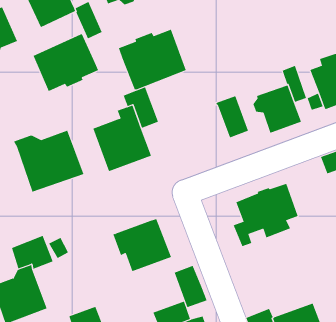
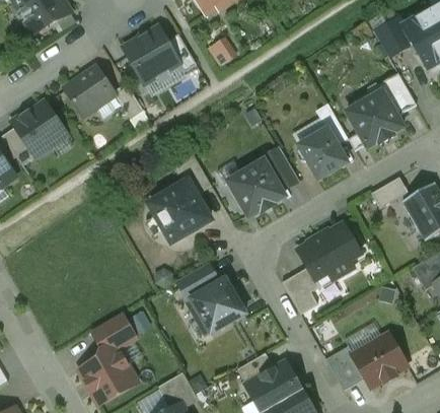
building: [118,29,187,90] -> none
building: [33,34,99,92] -> none
building: none -> [229,160,285,217]
building: [13,130,84,192] -> none
building: none -> [177,262,220,299]
building: [174,265,207,308] -> [282,272,318,314]

